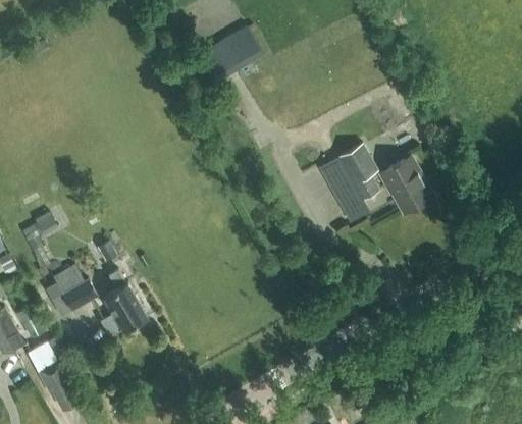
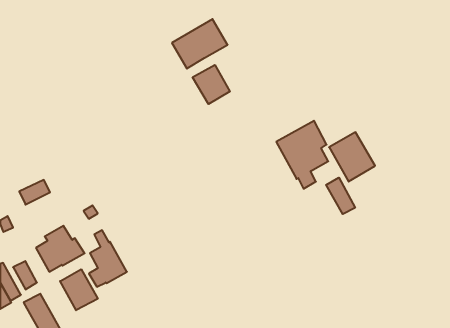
building: none -> [193,65,230,104]
building: none -> [326,178,355,214]
building: none -> [60,269,98,310]

